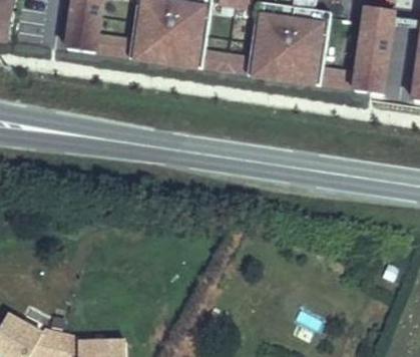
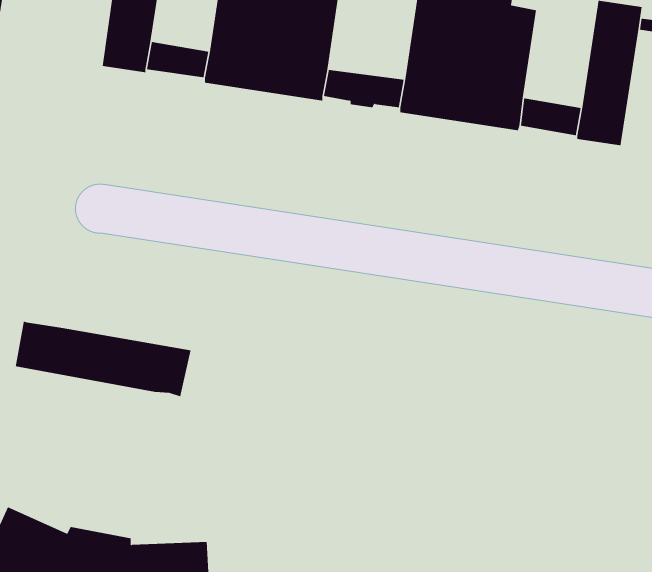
building: none -> [15,321,191,397]

